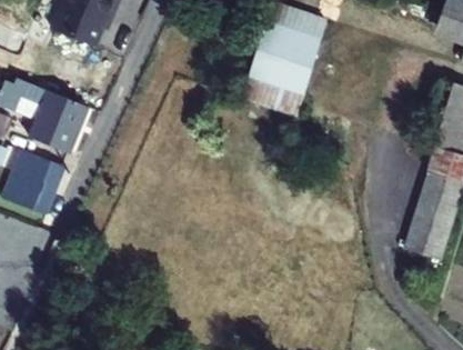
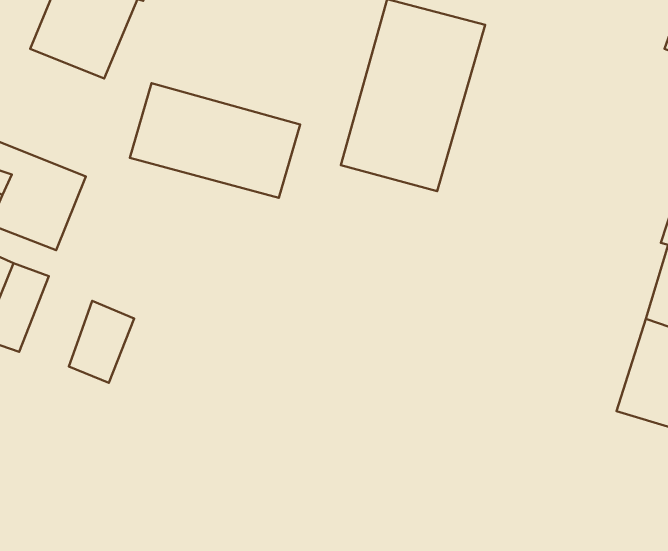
building: none -> [130,83,300,198]
building: none -> [69,301,134,383]

